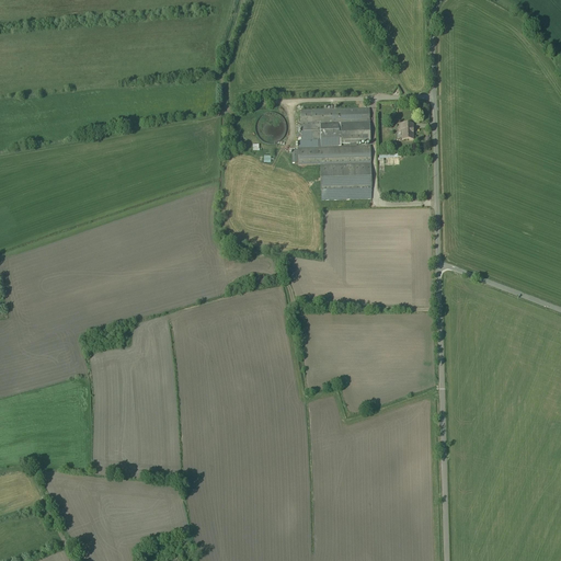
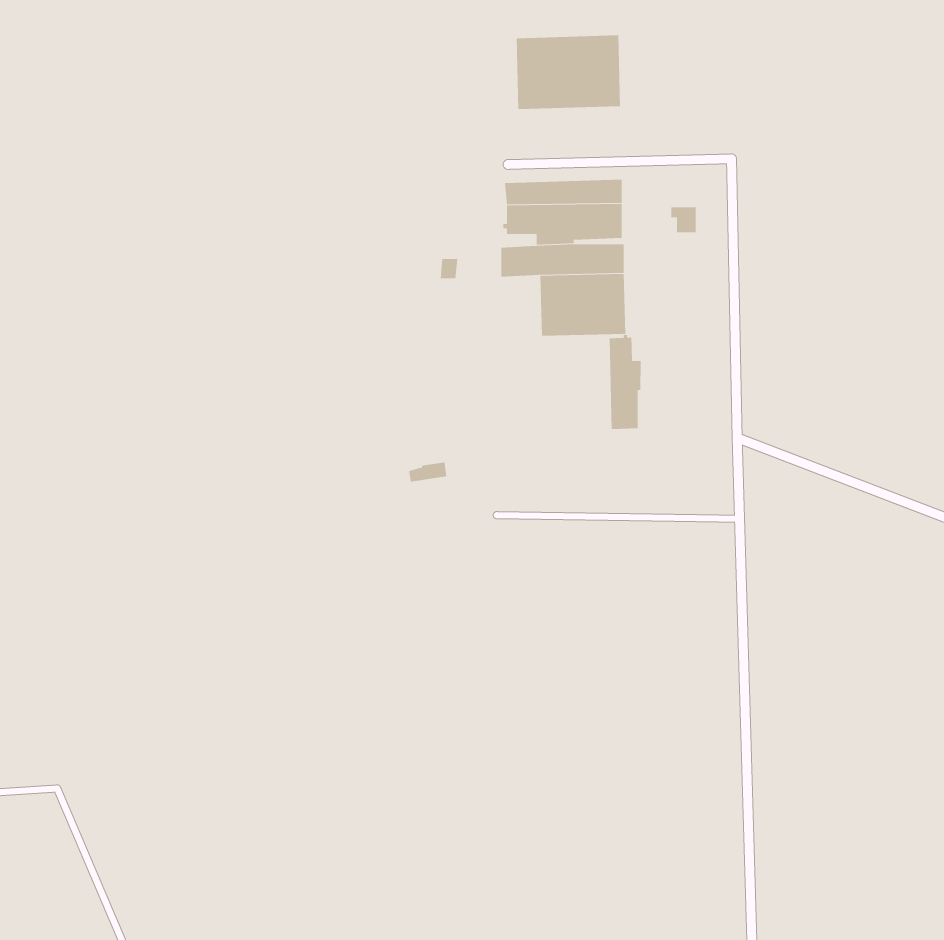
building: none -> [516,35,620,110]
building: none -> [609,334,641,430]

